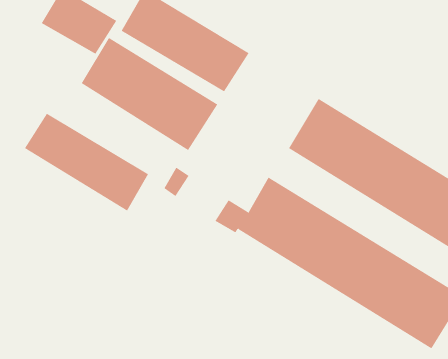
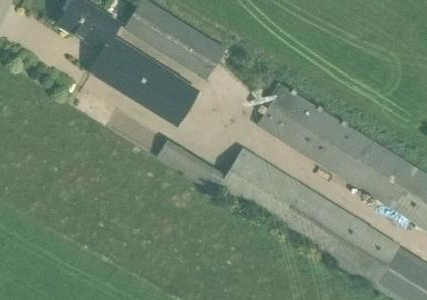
building: [24,113,149,212] -> none

